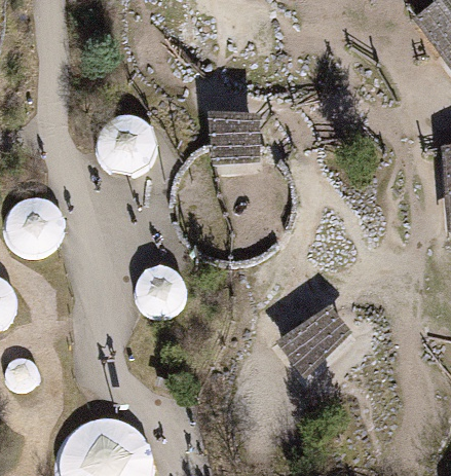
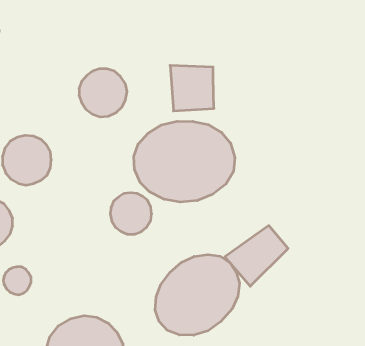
building: none -> [134,121,235,202]
building: none -> [155,255,240,335]

